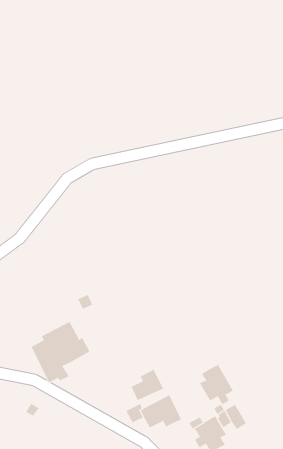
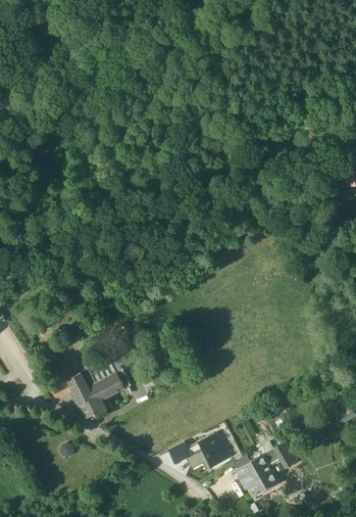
building: [199,364,233,405] -> none
building: [131,369,164,401] -> none

